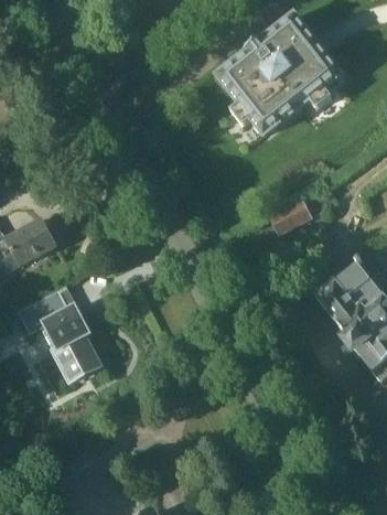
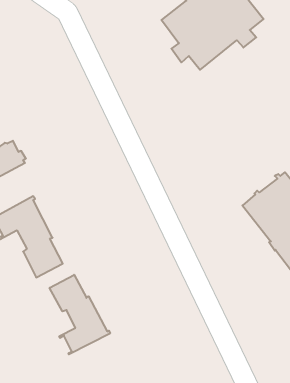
building: [269,203,309,235] -> none
building: none -> [50,275,110,354]

